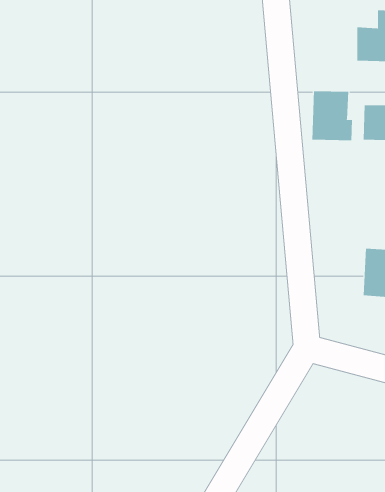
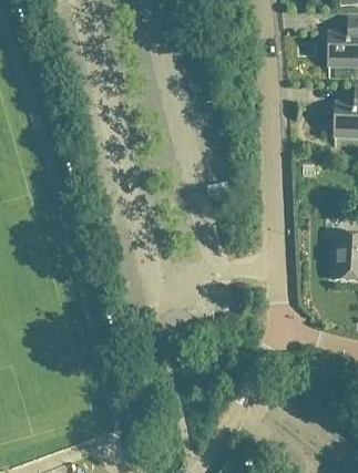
building: [312,91,352,141] -> none

